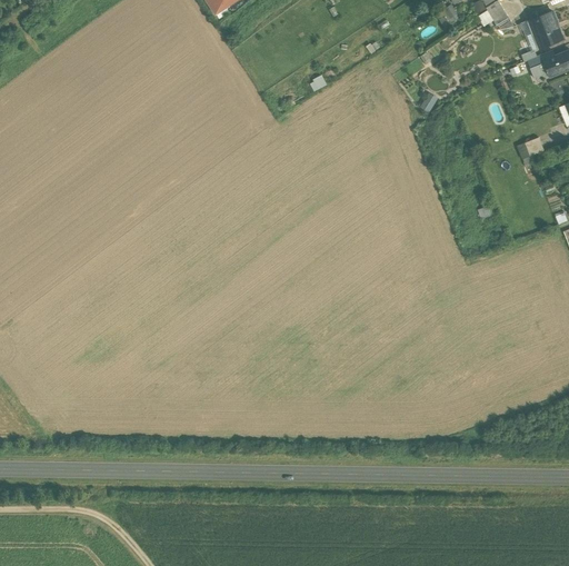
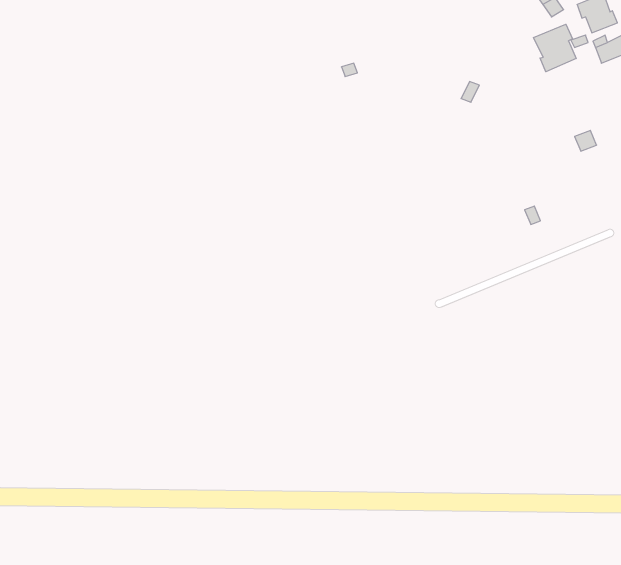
building: none -> [534,24,576,72]

